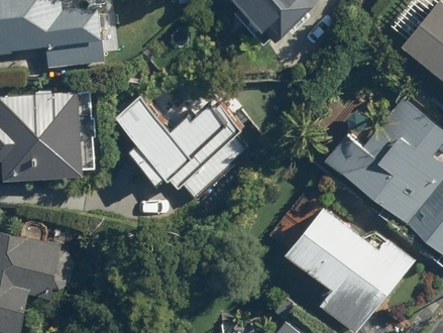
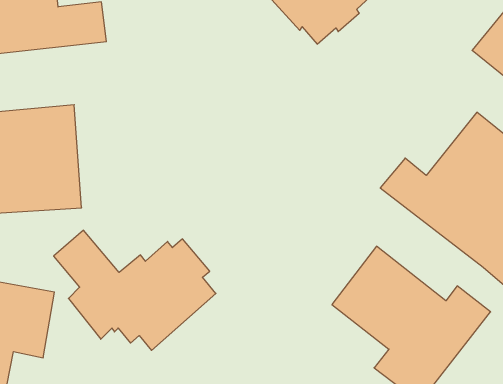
building: [115,97,247,195] -> [54,230,216,350]

